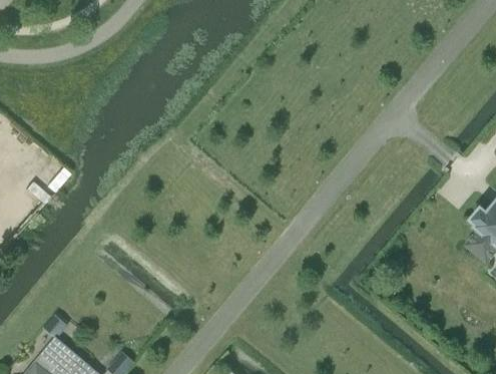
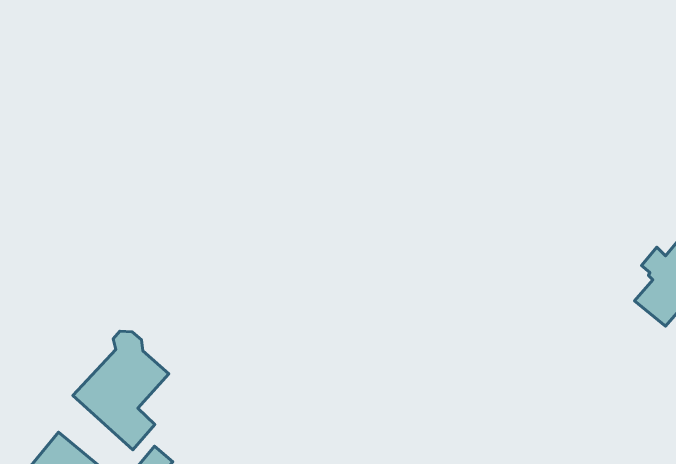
building: none -> [73,331,169,450]

